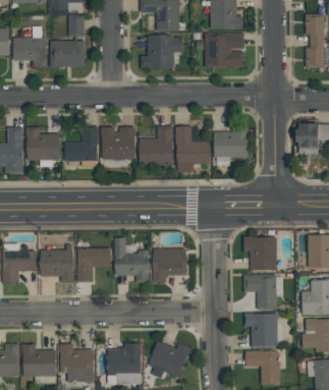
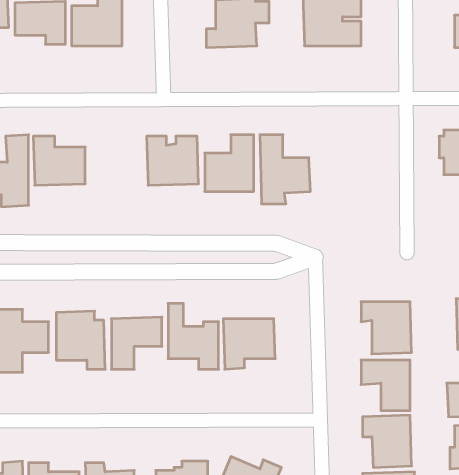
building: [213,124,248,158] -> none
building: [64,126,98,162] -> none

